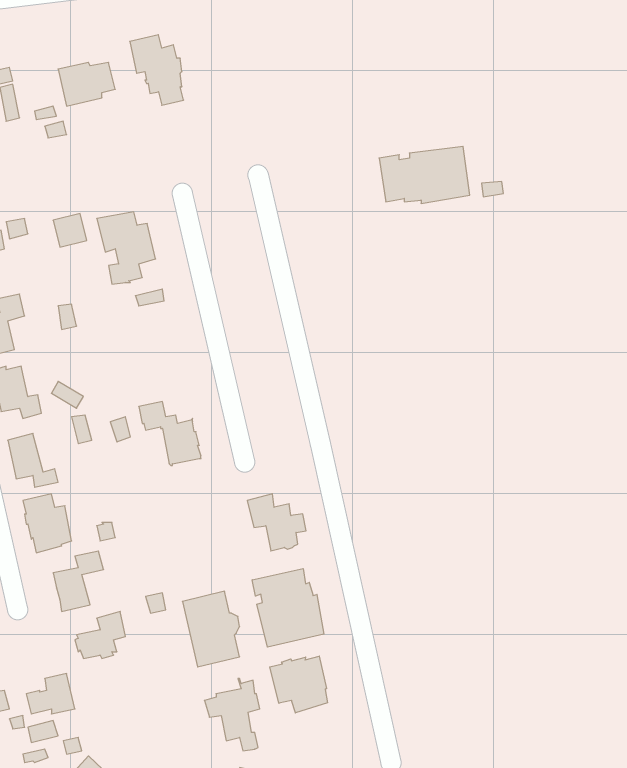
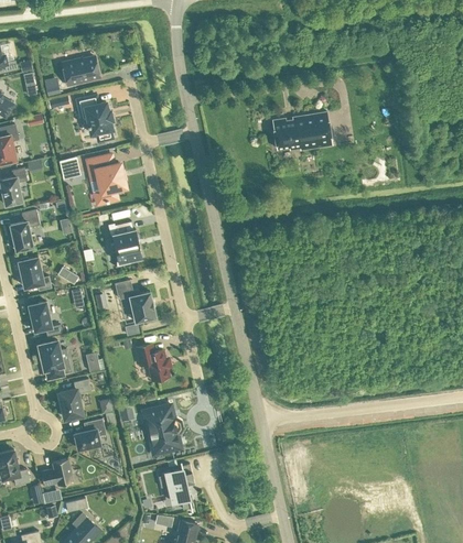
building: [130,35,184,105] -> [77,95,112,141]
building: none -> [107,220,142,267]
building: [247,494,306,551] -> [136,343,174,380]
building: [252,569,324,647] -> none
building: [270,656,328,713] -> none

